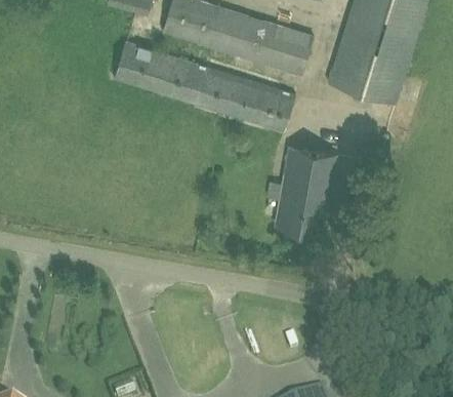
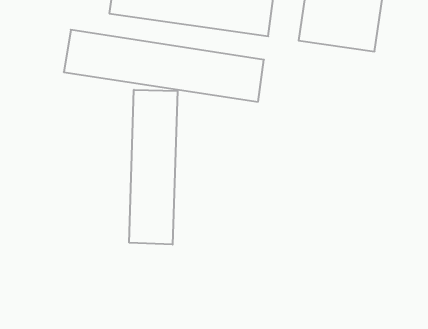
building: none -> [129,90,178,245]
building: [267,147,337,235] -> none

